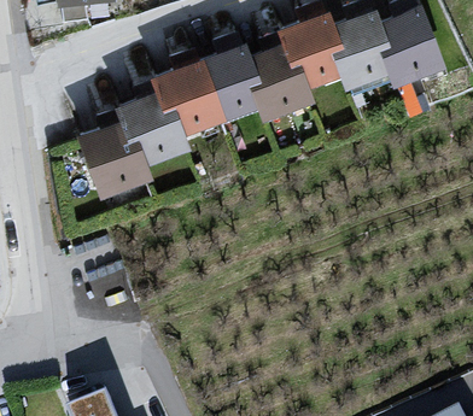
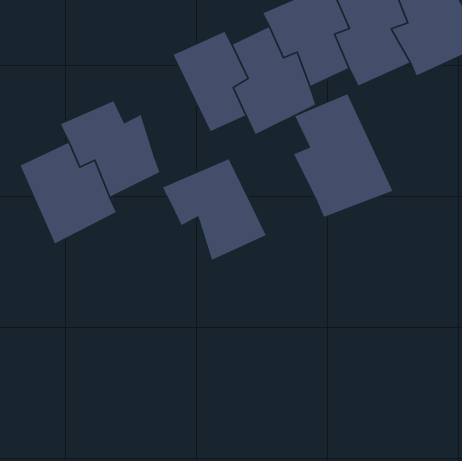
building: [147,58,227,137] -> [162,158,267,261]
building: none -> [293,93,393,218]

